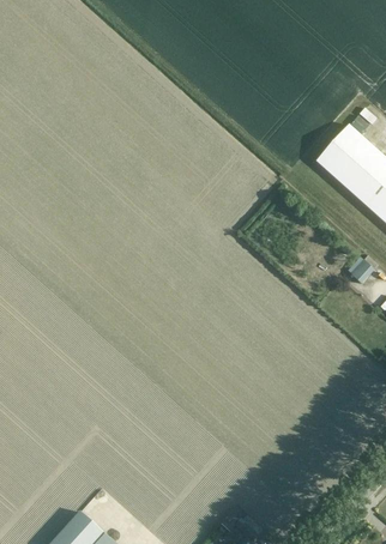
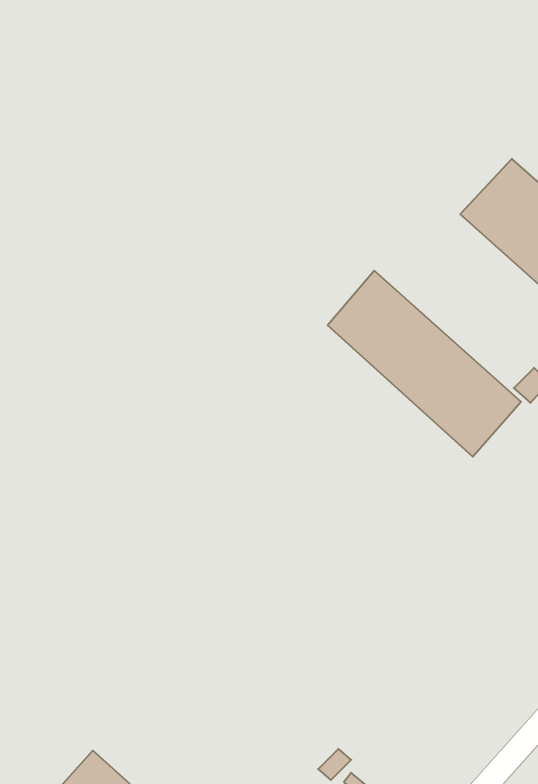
building: none -> [328,271,521,457]

